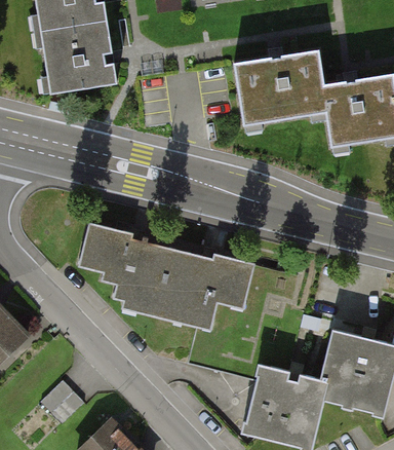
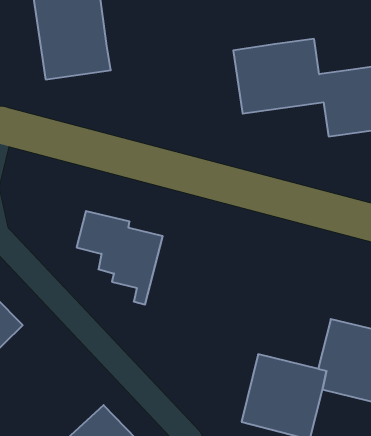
building: [149,248,258,331] -> none
building: [38,379,84,425] -> none

